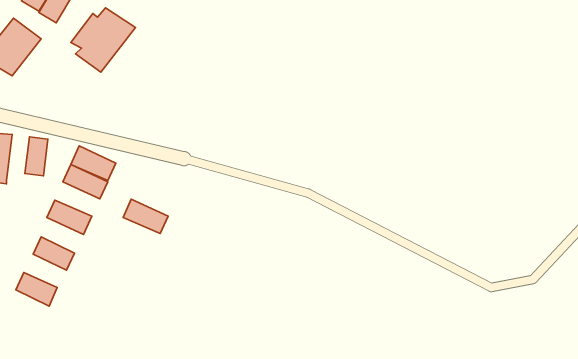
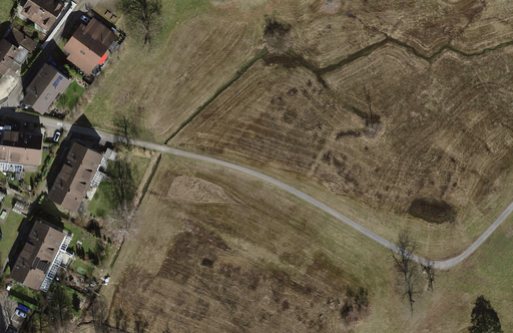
building: none -> [23,62,72,112]
building: none -> [7,128,27,171]
building: [123,199,168,234] -> [49,170,88,200]
building: none -> [22,233,59,262]
building: none -> [8,264,44,293]

